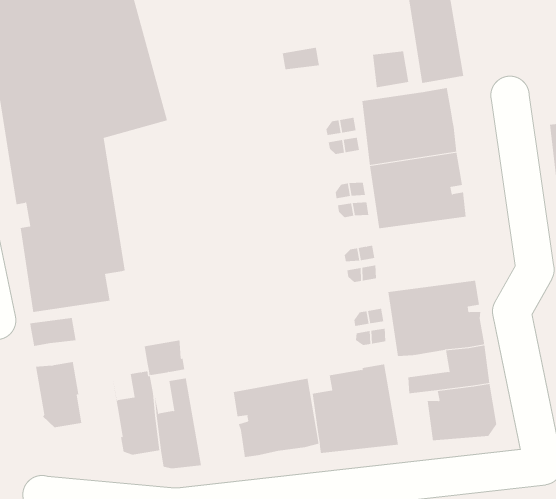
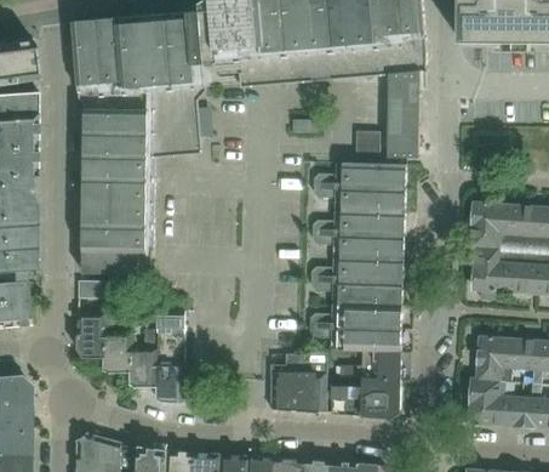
building: none -> [338,256,404,305]
building: none -> [103,313,132,373]
building: [233,378,319,458] -> none

